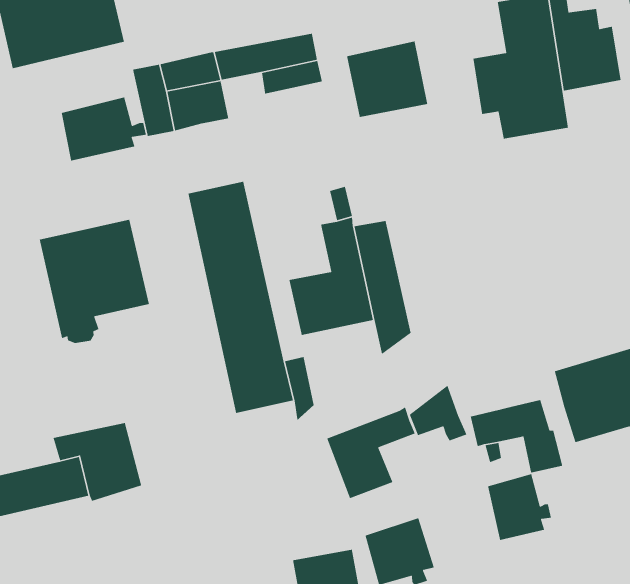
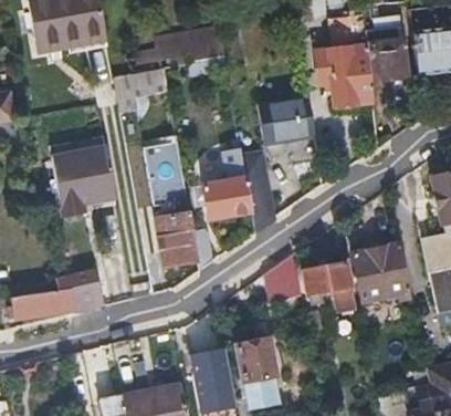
building: [346,41,428,118] -> [265,101,313,145]
building: [61,96,147,161] -> none
building: [326,406,416,499] -> none
building: [487,473,552,541] -> none

